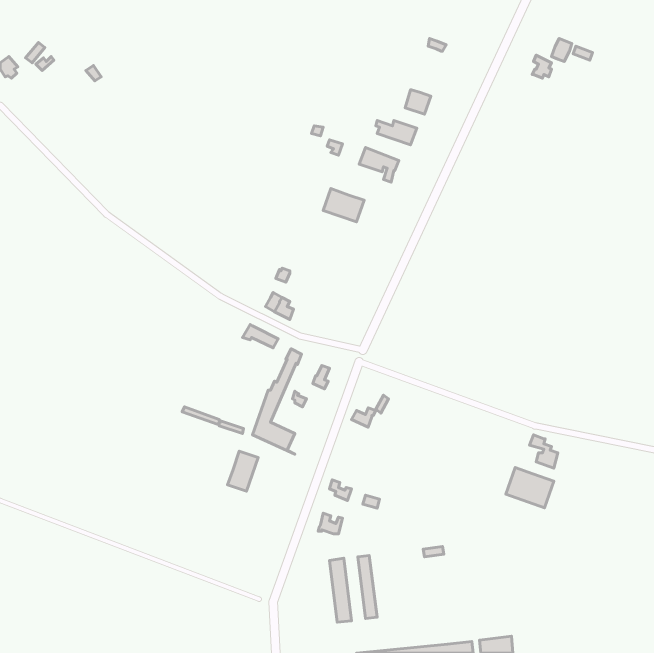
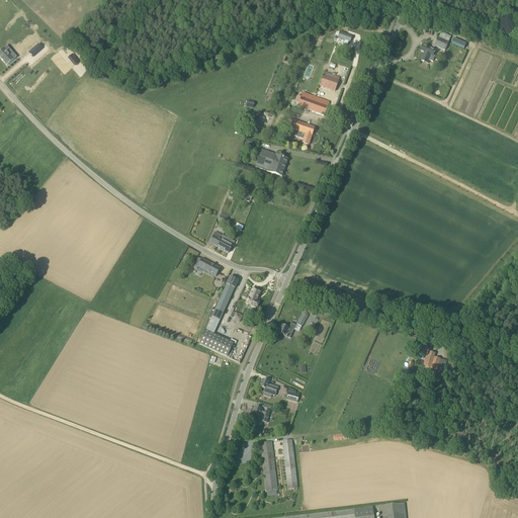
building: [228,451,258,491] -> none
building: [506,467,554,508] -> none

